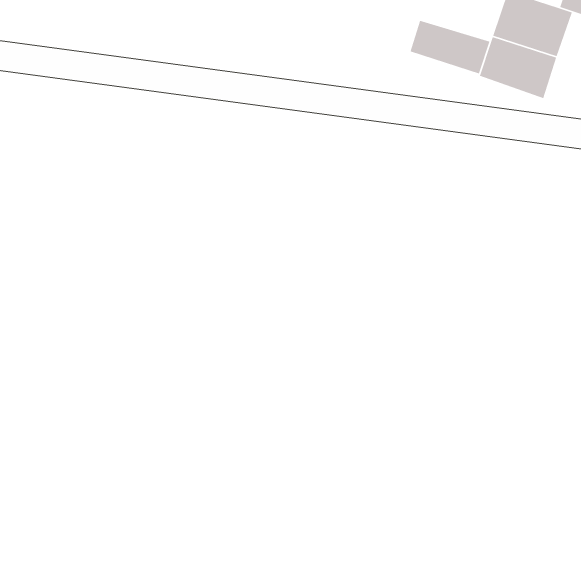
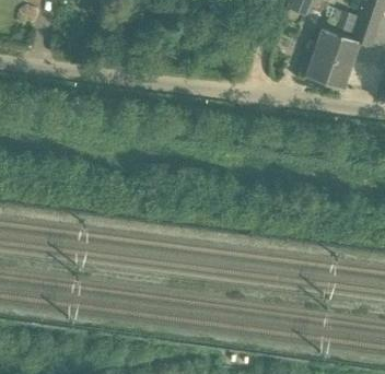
building: [409,20,491,75] -> none

